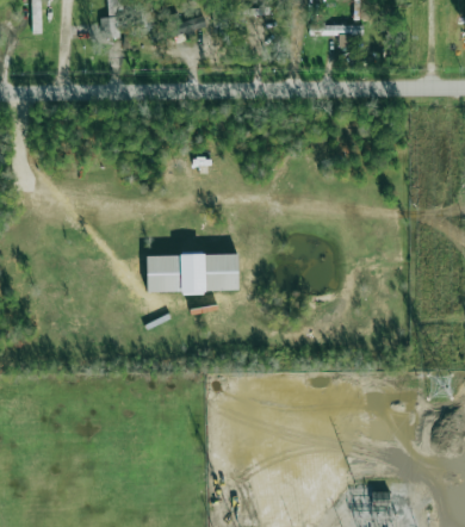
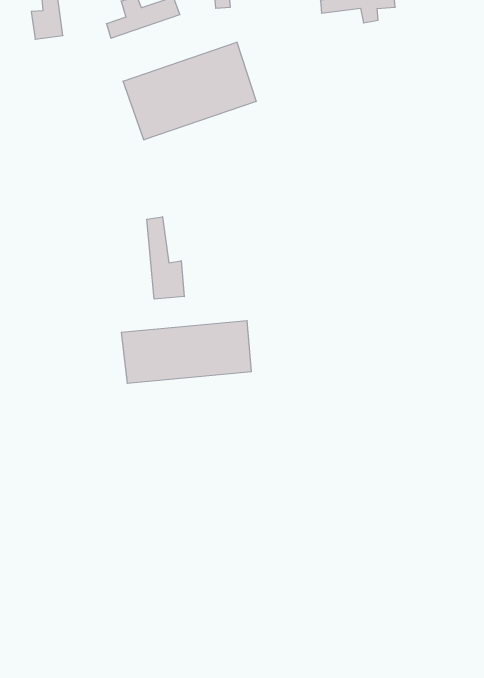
building: none -> [123,42,256,140]
building: none -> [147,217,184,299]

